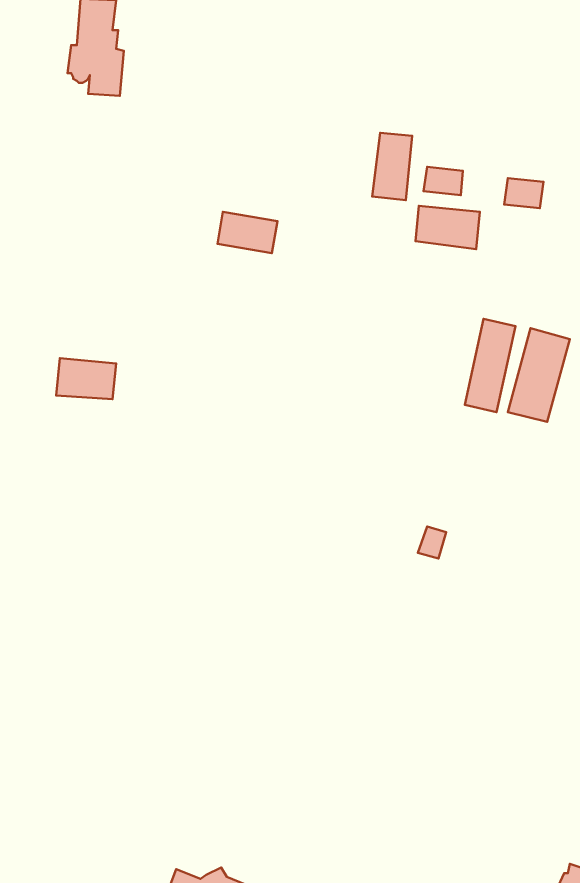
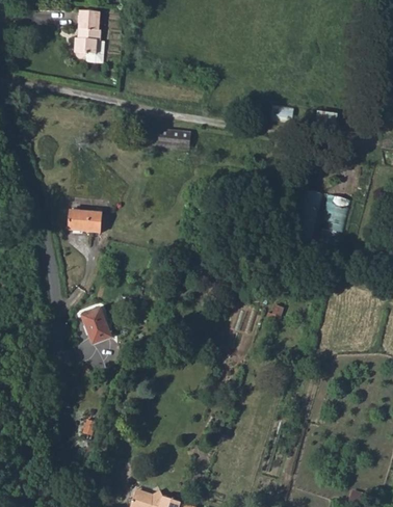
building: [372,133,412,200] -> none
building: [415,206,480,249] -> none
building: none -> [80,304,111,341]

